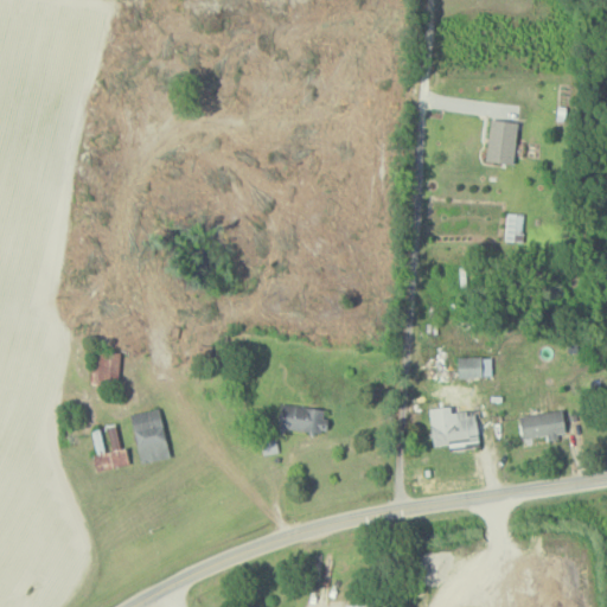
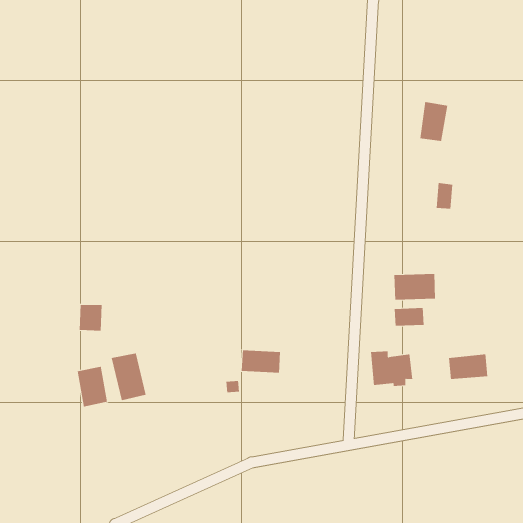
building: none -> [394,273,436,300]

